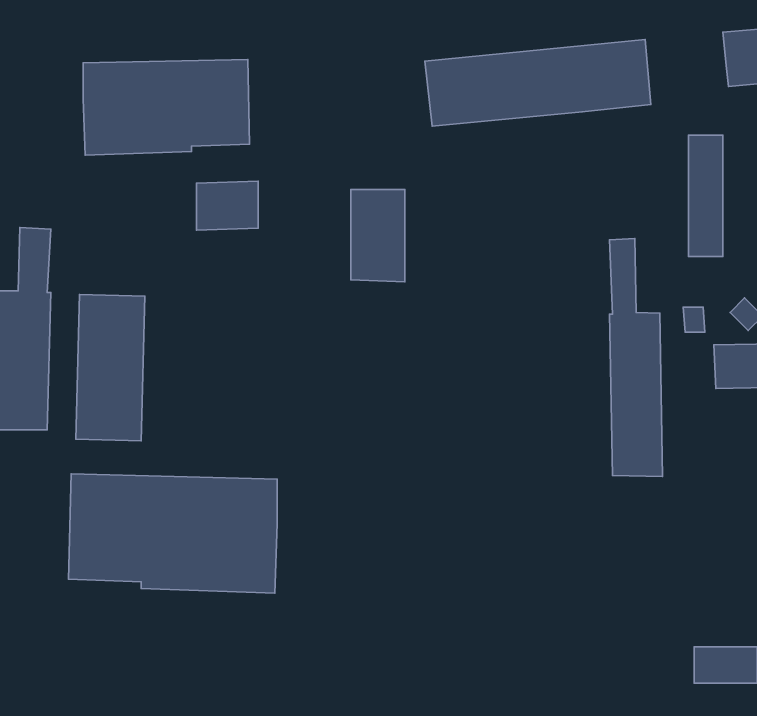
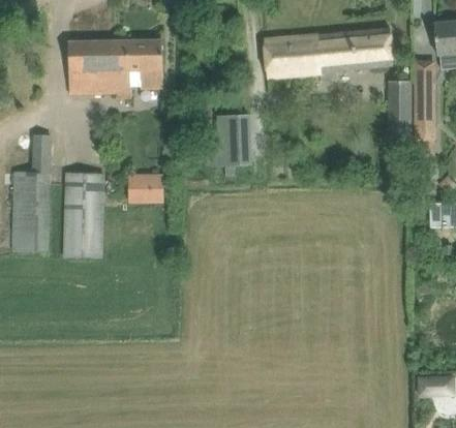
building: none -> [387,79,412,119]
building: [197,181,258,230] -> [127,174,162,202]
building: [610,238,663,476] -> none
building: [68,474,277,593] -> none

